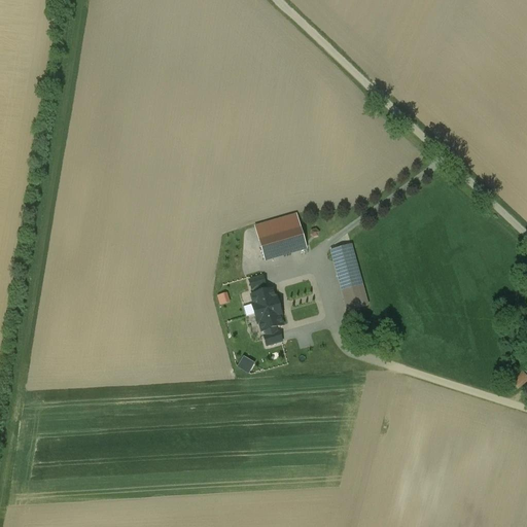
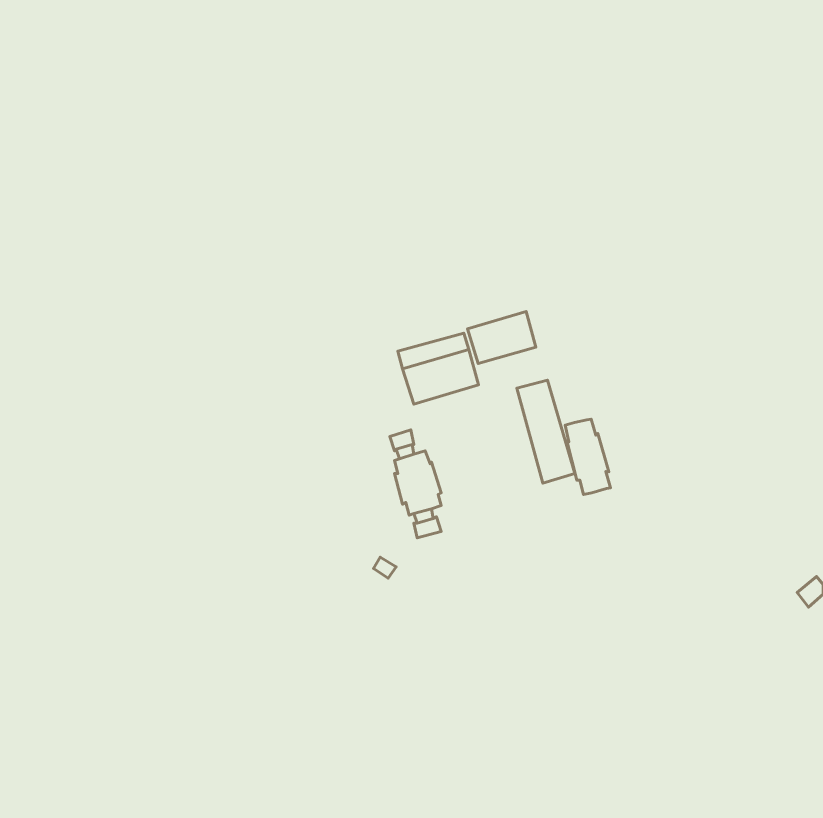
building: none -> [467,312,536,364]
building: none -> [565,419,611,494]

